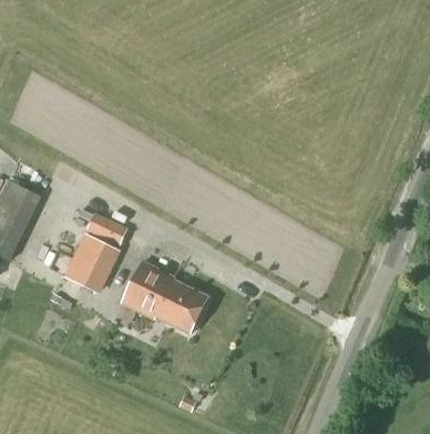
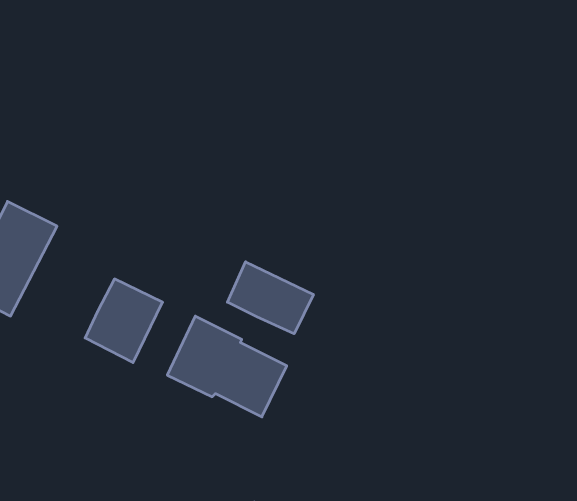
building: [84,211,126,245] -> none
building: none -> [227,262,313,334]

